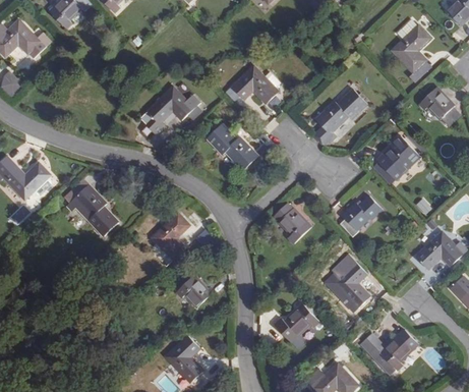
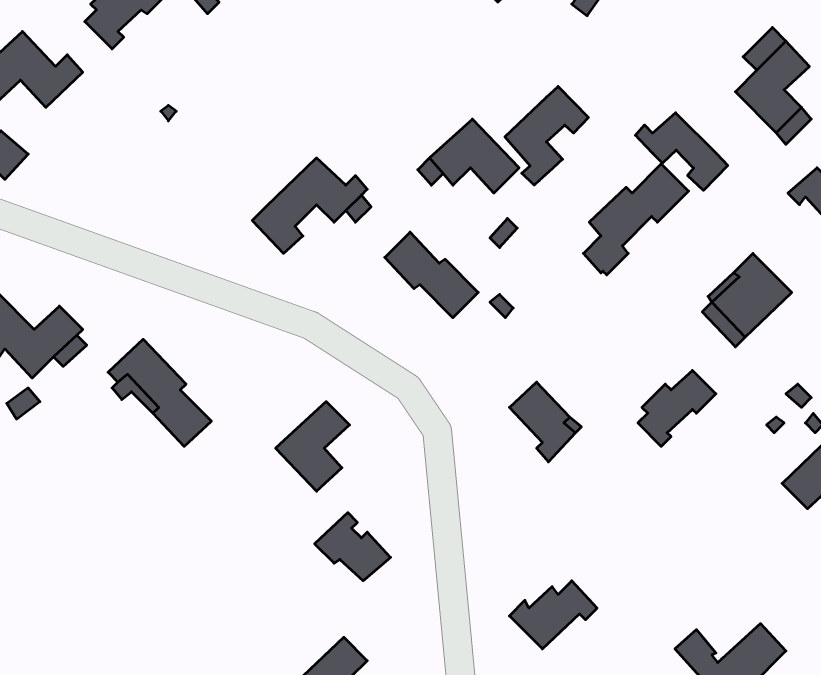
building: none -> [505,86,588,185]
building: none -> [635,113,728,190]
building: [333,262,370,309] -> none

